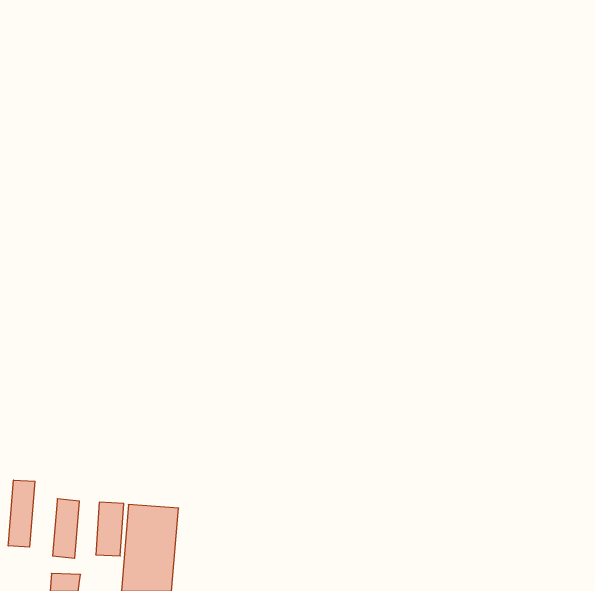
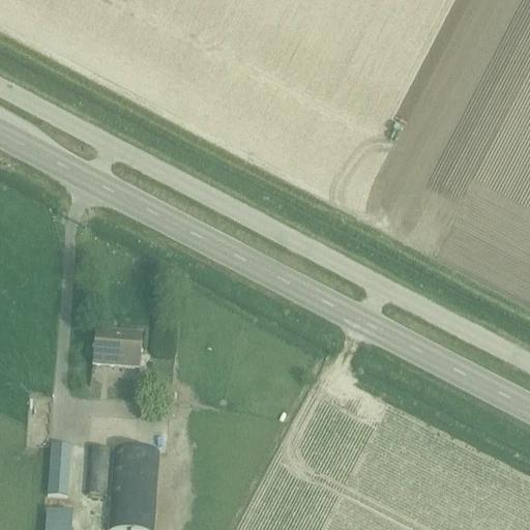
building: none -> [92,328,142,365]
building: [8,480,35,547] -> none

